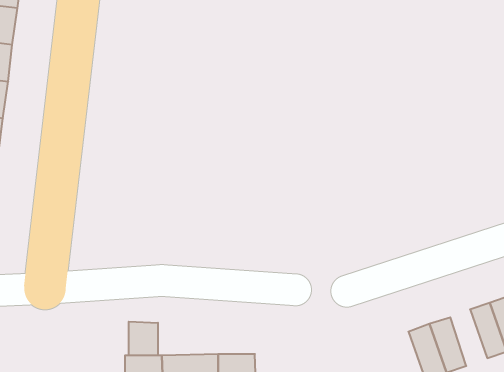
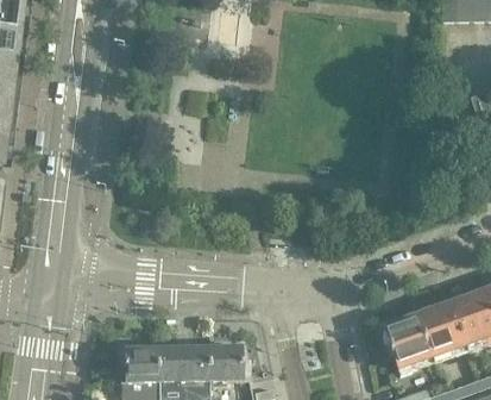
building: none -> [420,306,453,357]
building: [129,322,158,355] -> none

